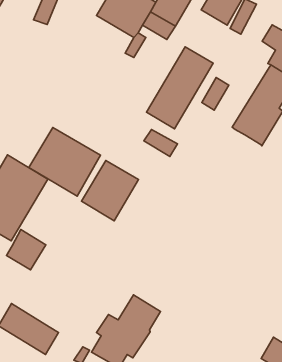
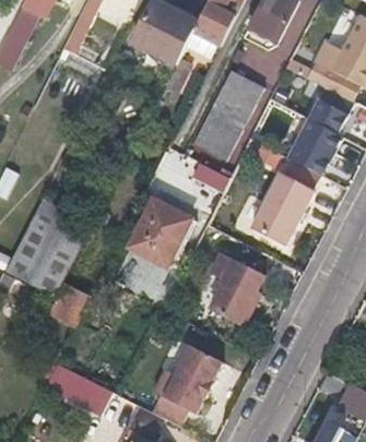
building: [29,128,101,196] -> none
building: none -> [251,157,321,247]
building: none -> [206,251,264,331]

